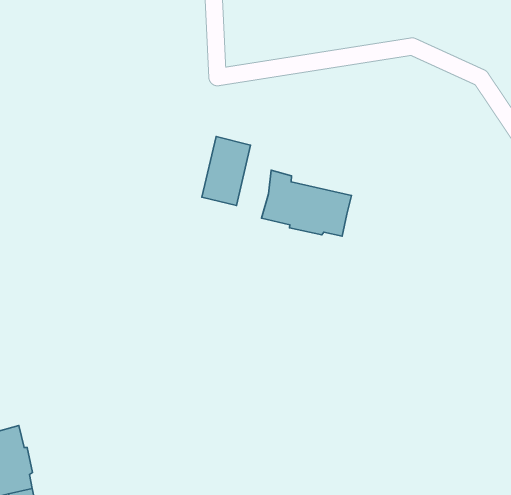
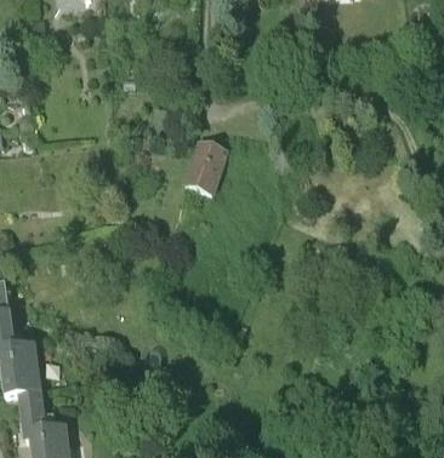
building: [261,170,352,236] -> none

